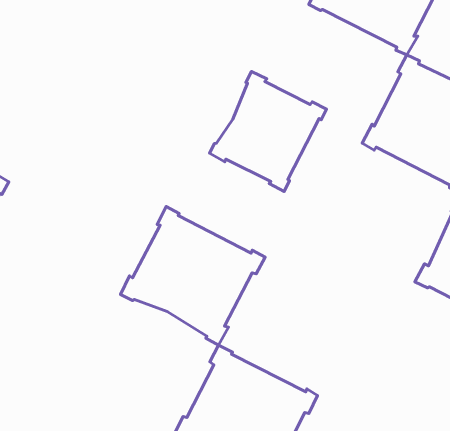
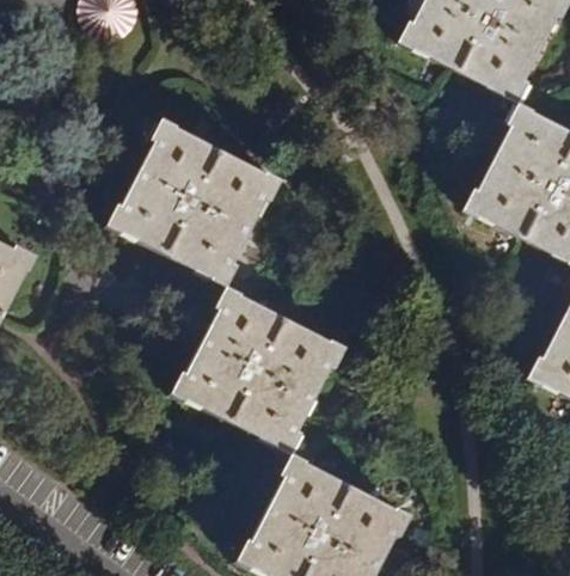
building: none -> [106,118,281,287]
building: [209,71,327,191] -> none

